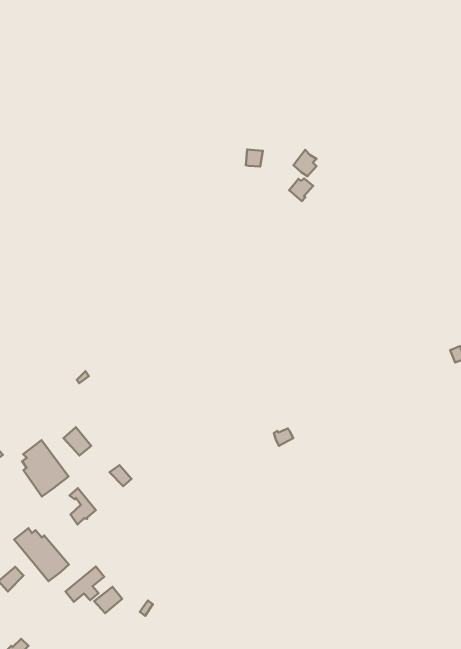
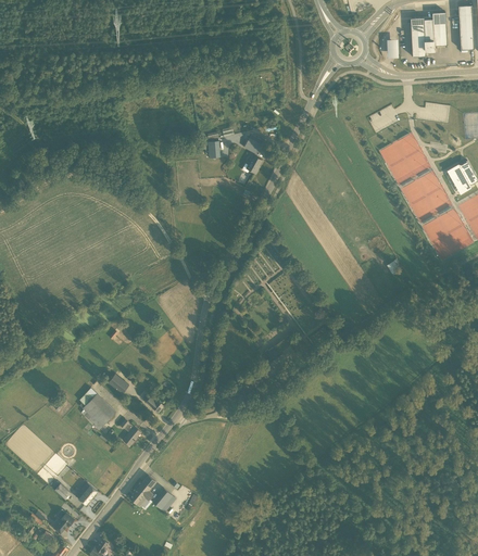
building: [14,528,69,581] -> none

